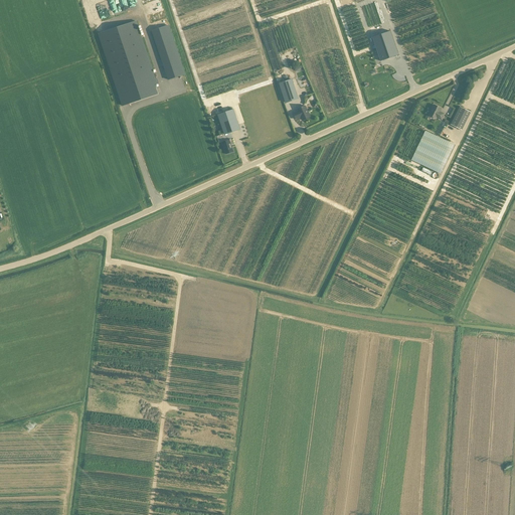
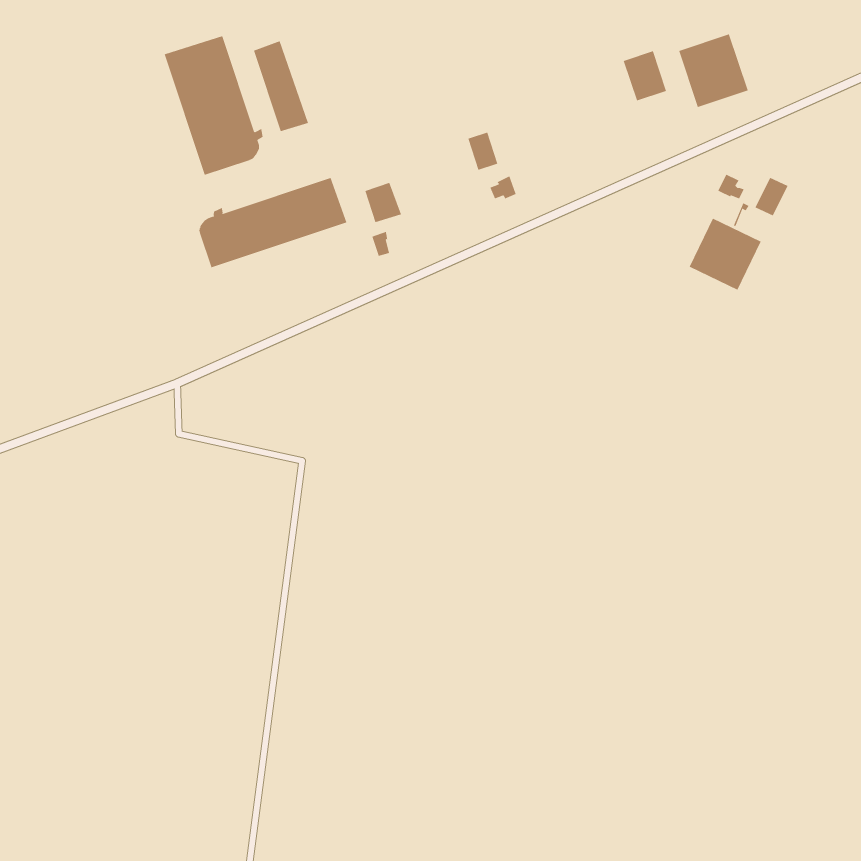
building: none -> [678,33,748,108]
building: none -> [199,177,347,268]

